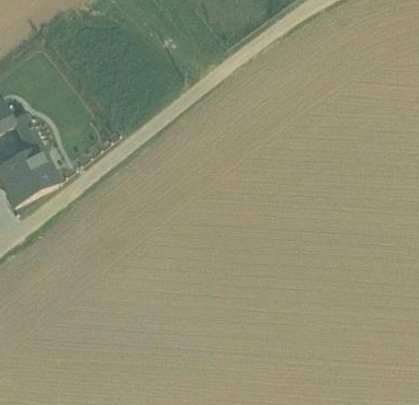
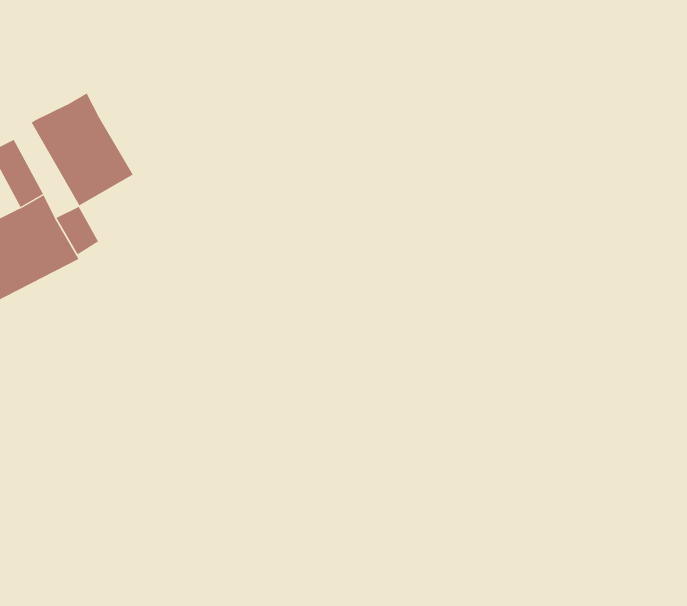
building: none -> [31,92,134,206]

